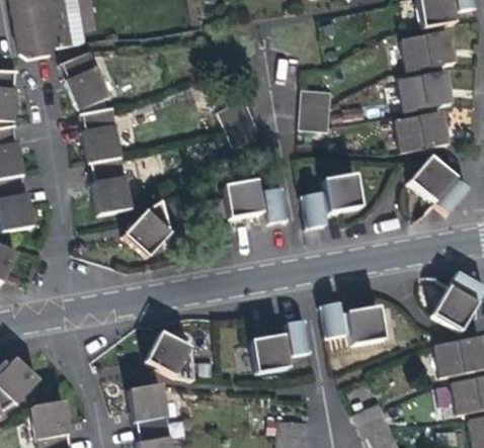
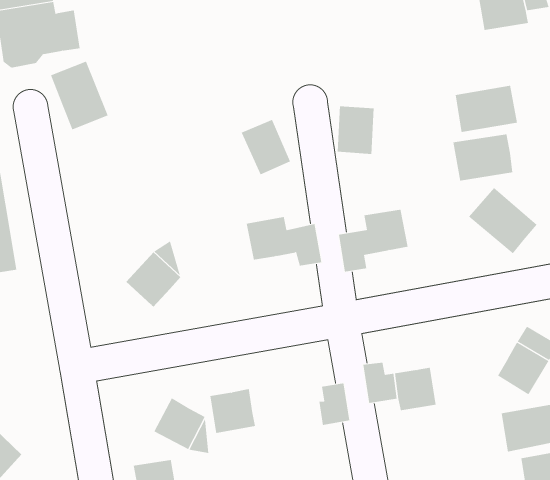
building: [401,30,454,71] -> none
building: [80,108,129,213] -> none
building: [250,335,289,372] -> [210,389,256,434]

